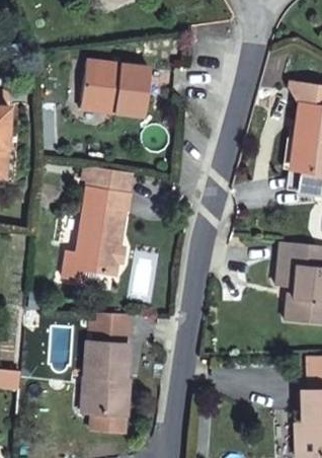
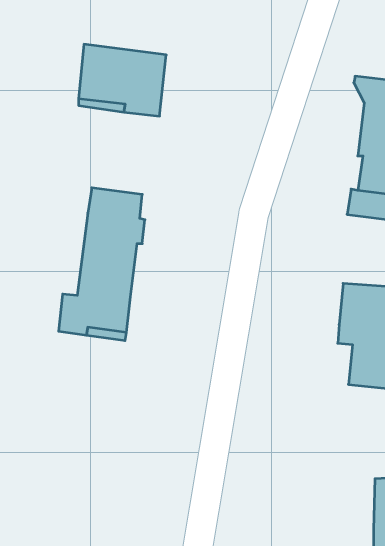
building: [85,309,132,417] -> none

